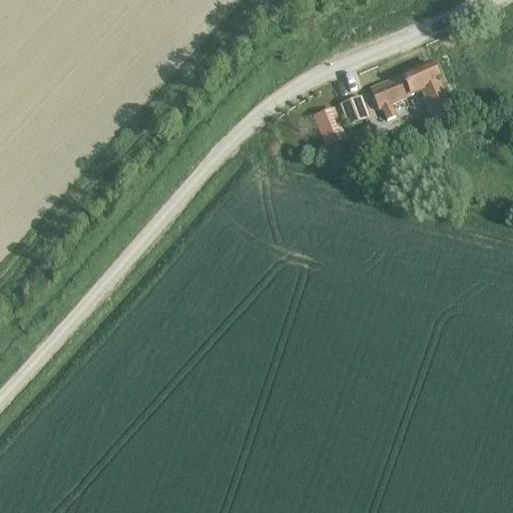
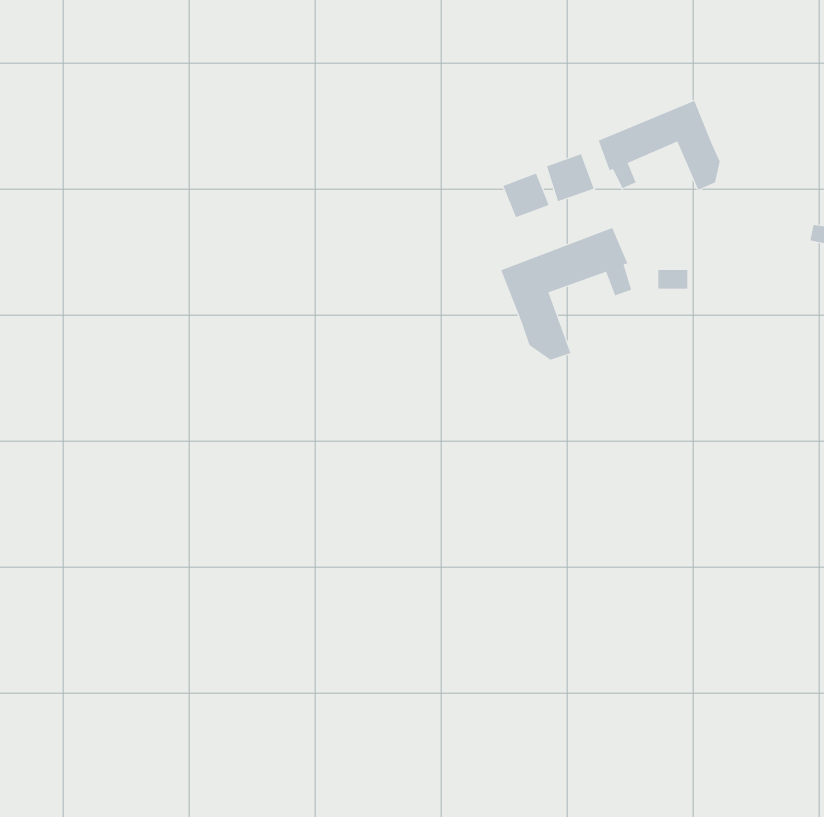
building: none -> [501,227,632,361]

